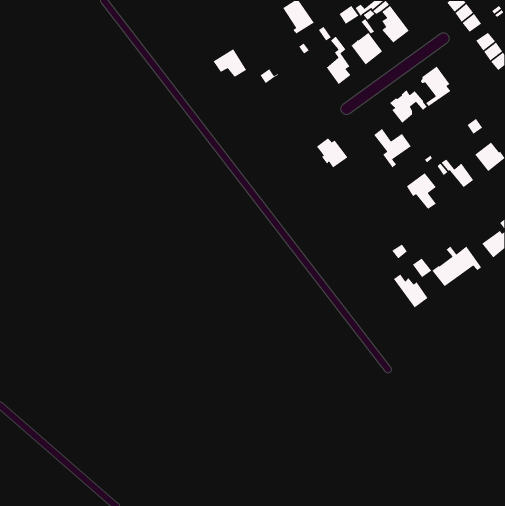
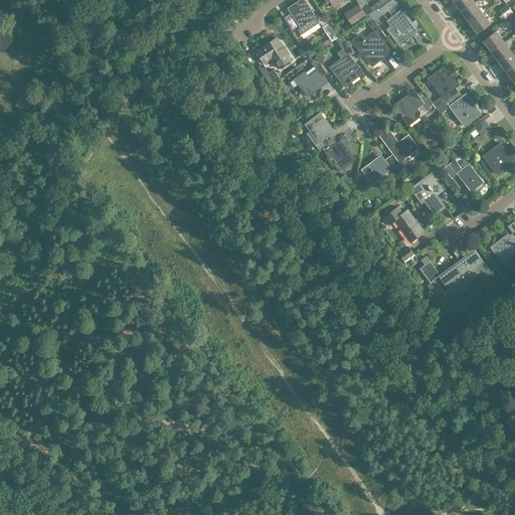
building: [213,48,247,78] -> [255,38,291,68]
building: none -> [295,61,326,97]
building: none -> [436,93,480,127]
building: none -> [305,114,334,150]
building: none -> [362,157,396,183]
building: none -> [383,207,423,242]
building: [393,273,428,308] -> none

